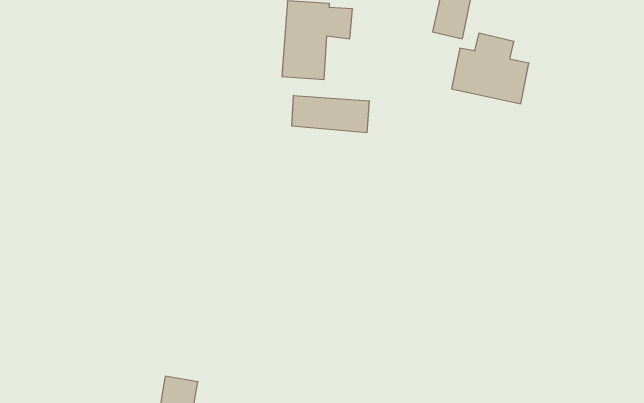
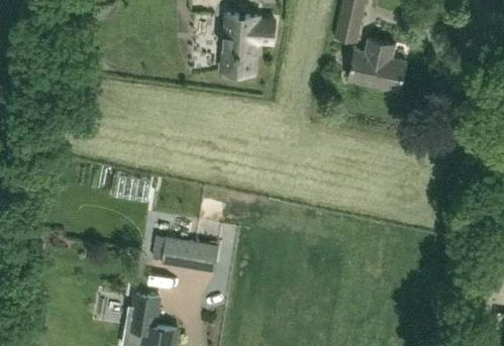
building: [292,95,369,133] -> none
building: none -> [154,236,219,268]

